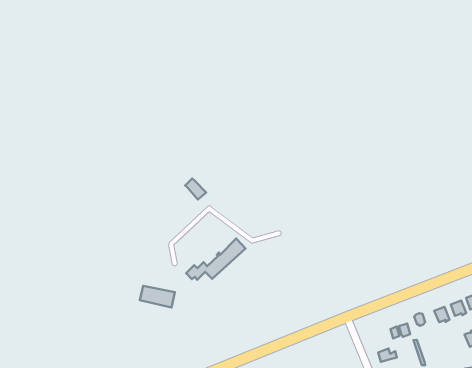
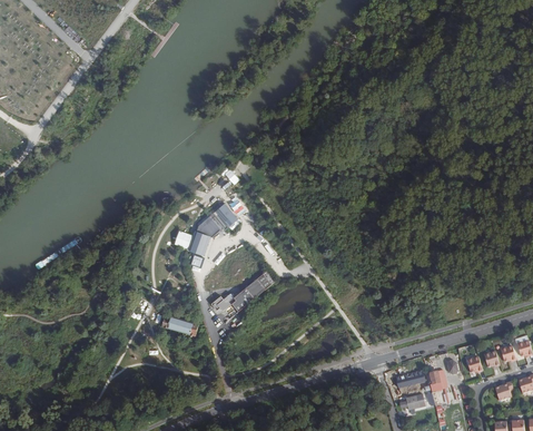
building: none -> [189,216,221,255]

